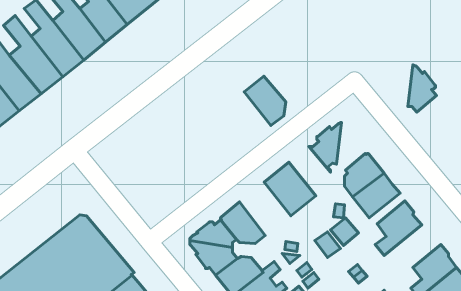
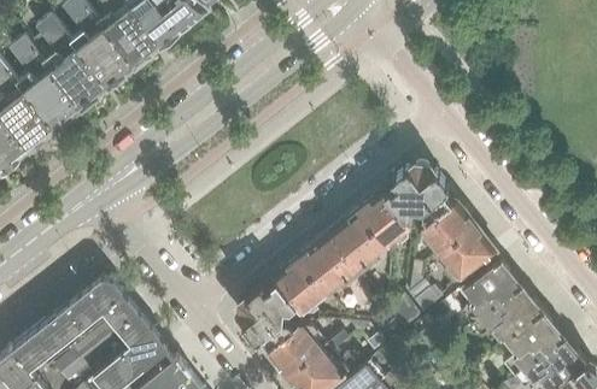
building: [408,65,437,112] -> [415,164,450,222]
building: [244,76,286,126] -> [357,193,408,253]
building: none -> [297,236,359,301]
building: none -> [473,288,542,340]

